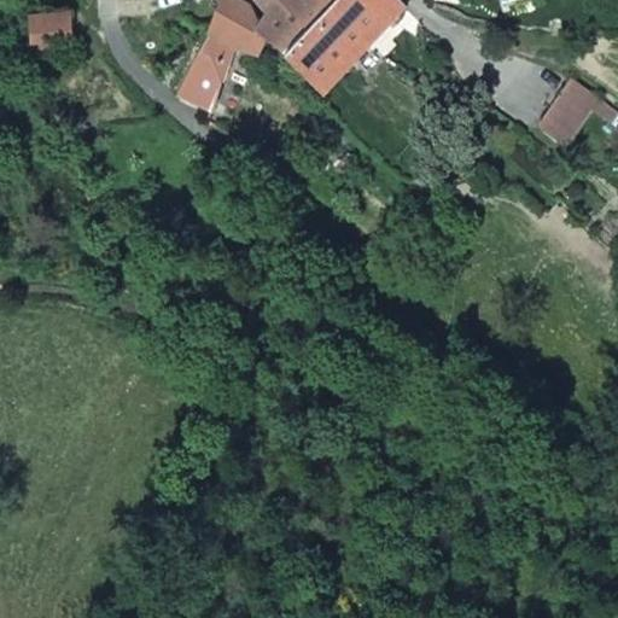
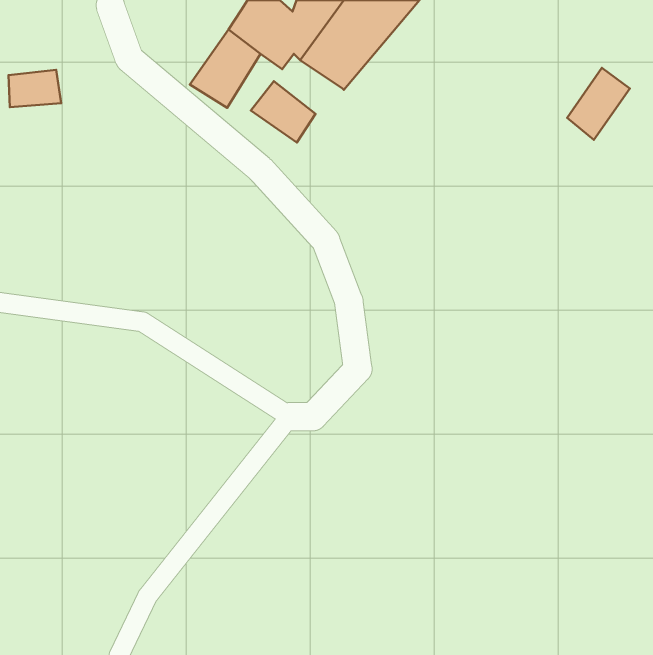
building: [29,10,78,45] -> [9,70,61,107]
building: none -> [251,81,315,143]

